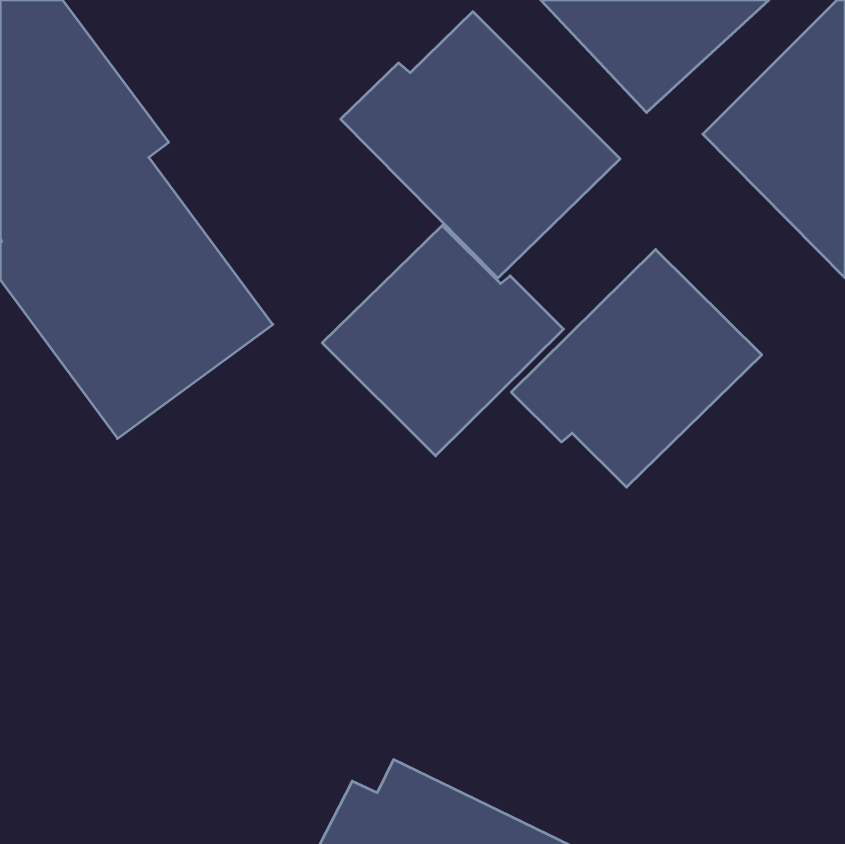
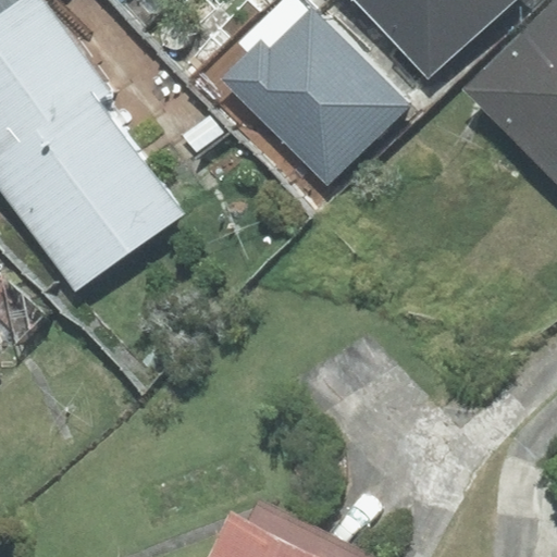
building: [322,225,564,456] -> none
building: [511,249,762,487] -> none

